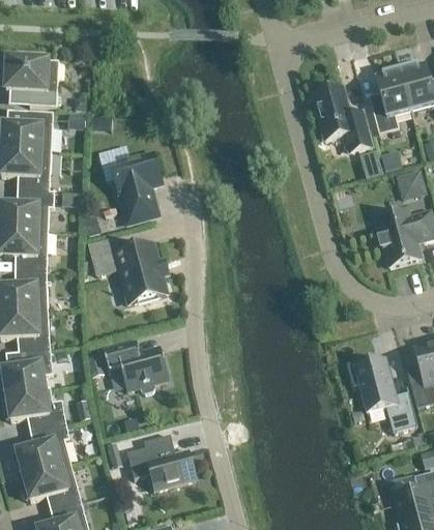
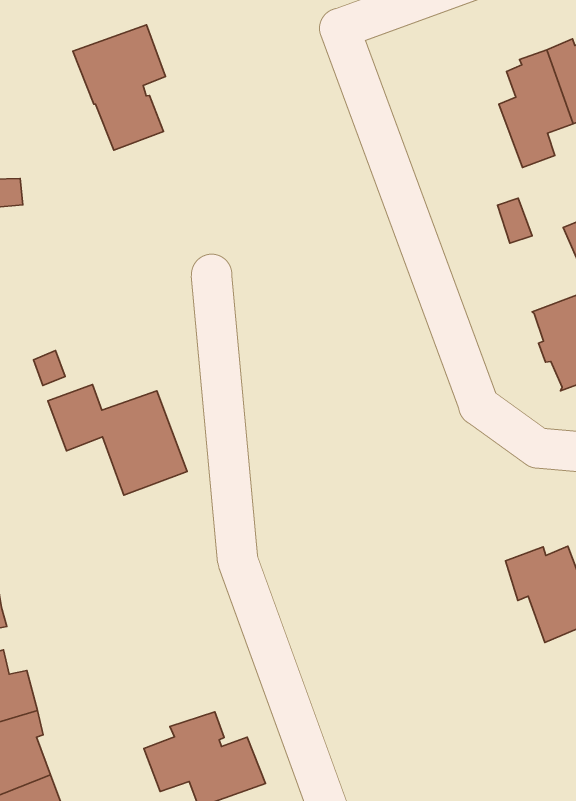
building: [312,86,372,152] -> none
building: [110,152,163,224] -> [73,25,166,150]
building: [103,343,169,393] -> none

